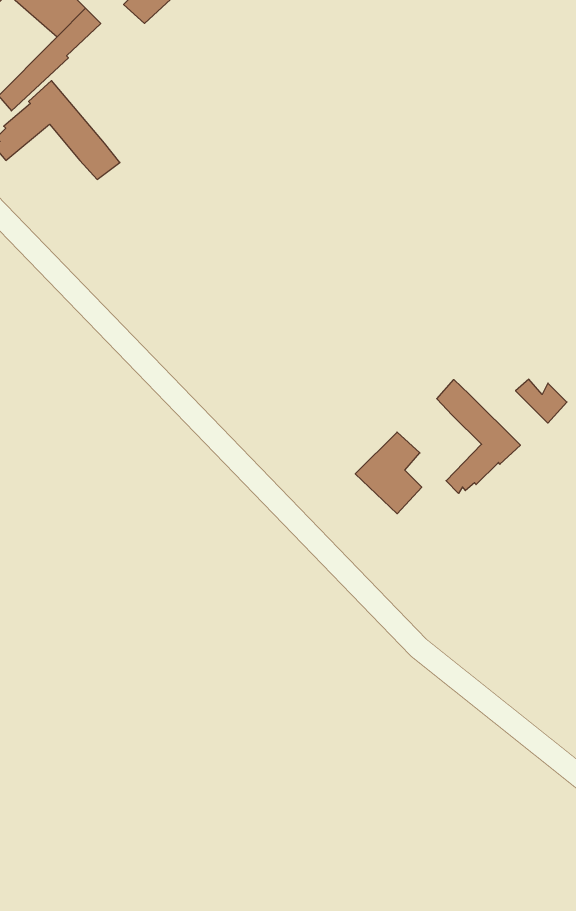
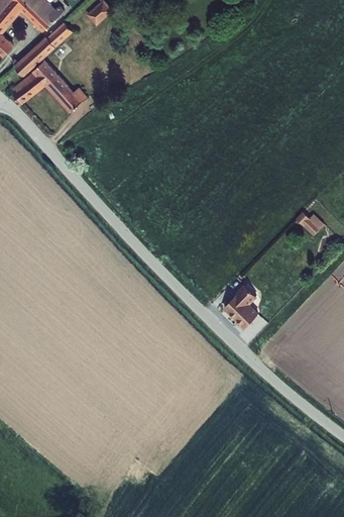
building: [437,380,520,493] -> none
building: [355,432,422,514] -> [223,286,258,329]

